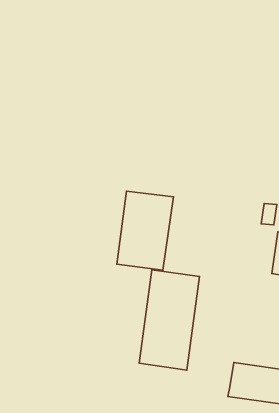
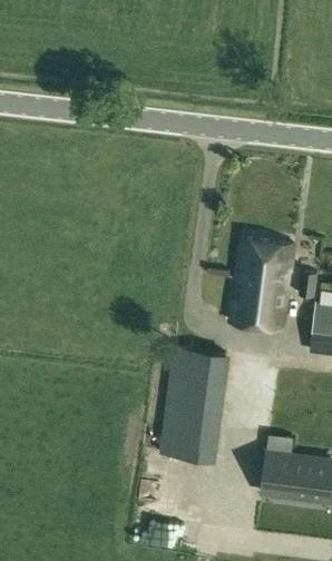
building: [117,191,173,270] -> [231,238,295,328]

